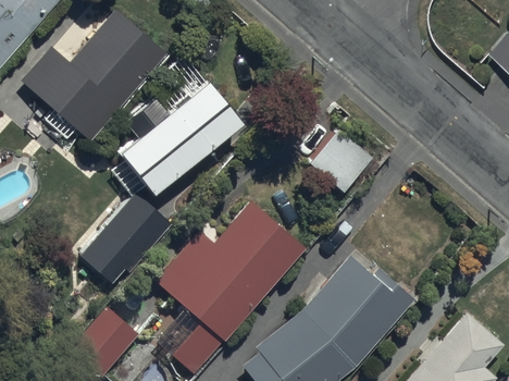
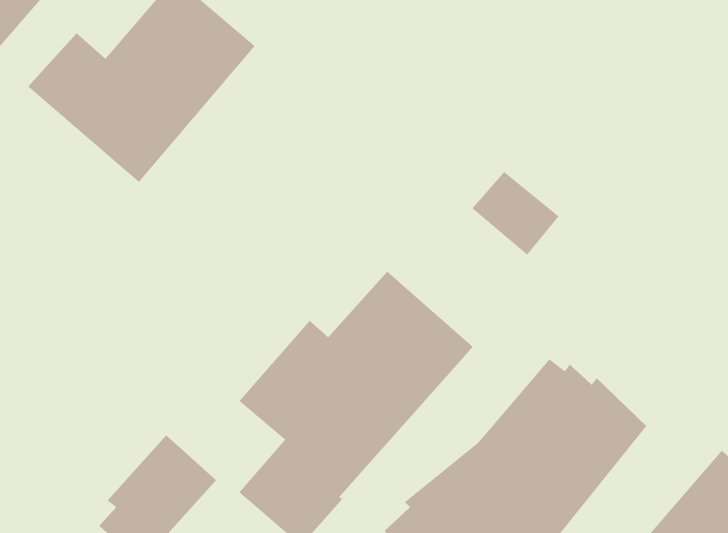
building: [116,81,241,196] -> none
building: [76,194,166,282] -> none

